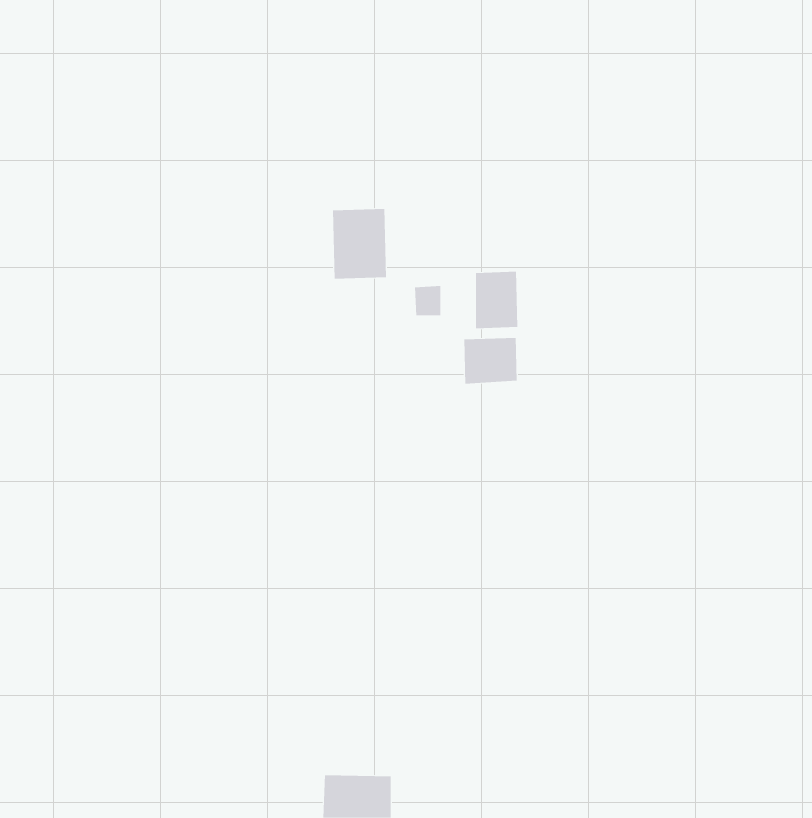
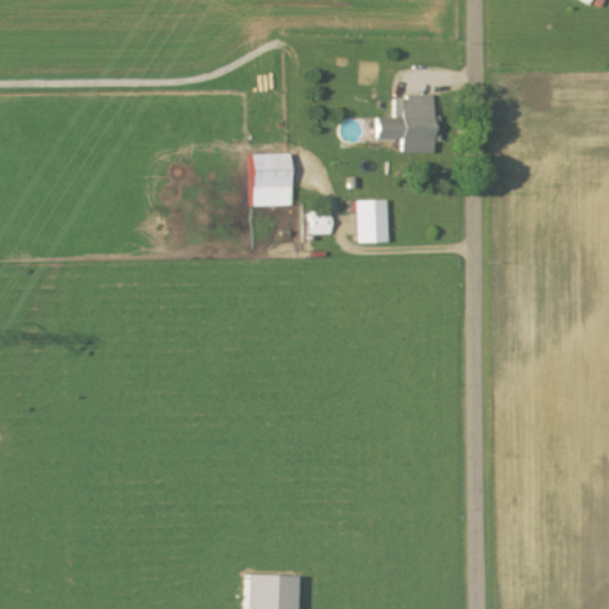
building: none -> [377,96,440,155]
building: [464,337,517,385] -> none

